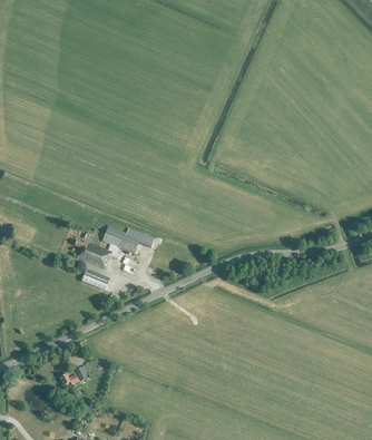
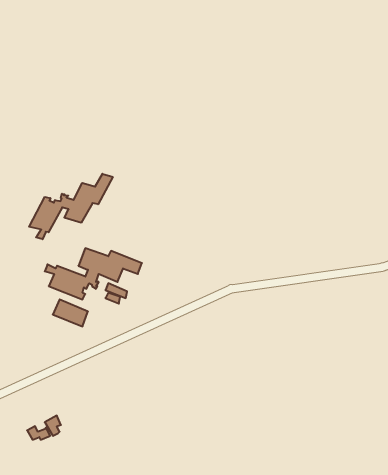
building: none -> [29,174,113,239]

